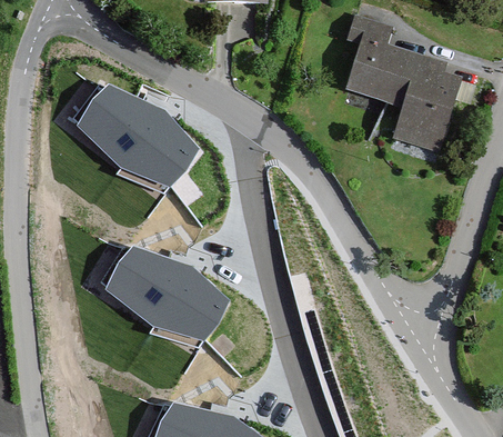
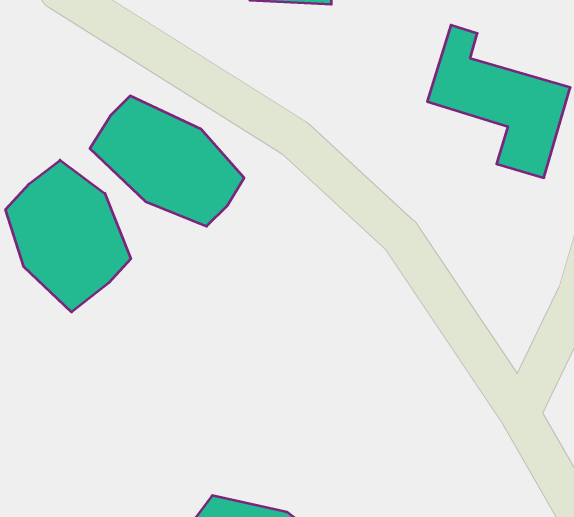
building: none -> [6,160,131,312]
building: [105,245,230,341] -> none

